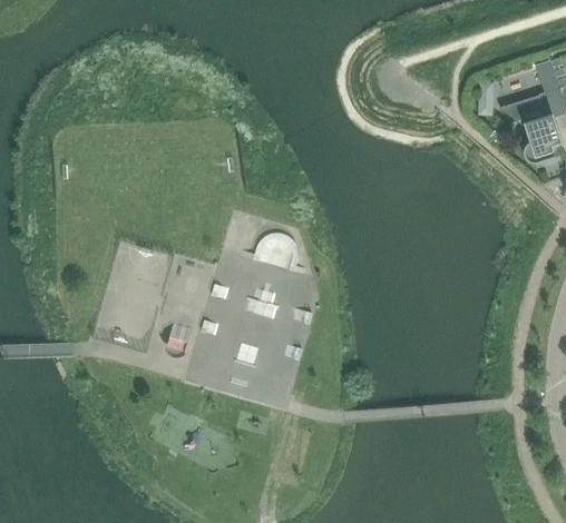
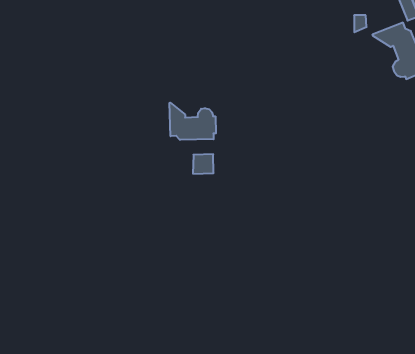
building: none -> [169,103,216,140]

